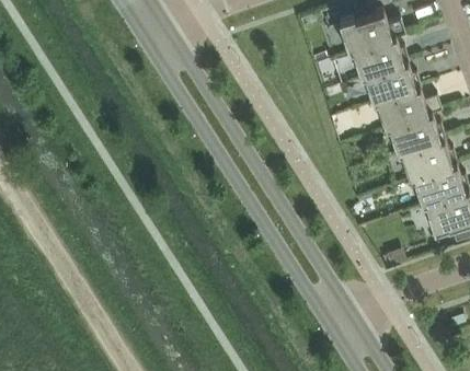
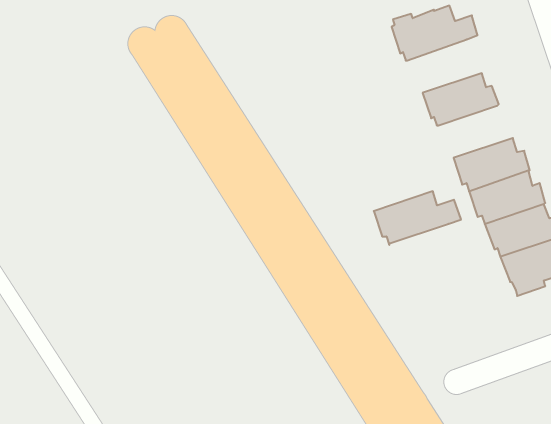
building: [349,36,409,78] -> none
building: [374,88,442,129] -> [374,191,461,245]

